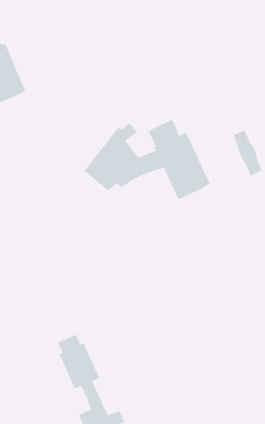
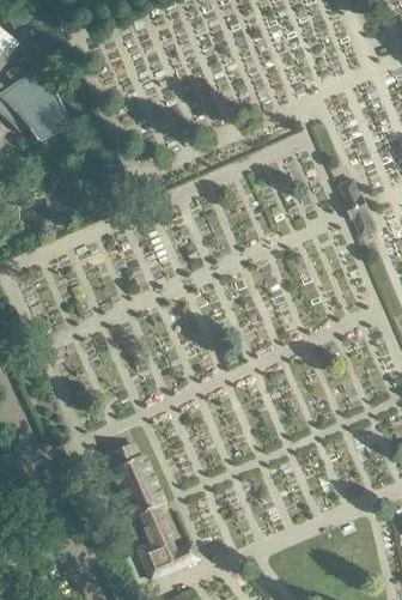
building: [82,119,211,200] -> none

